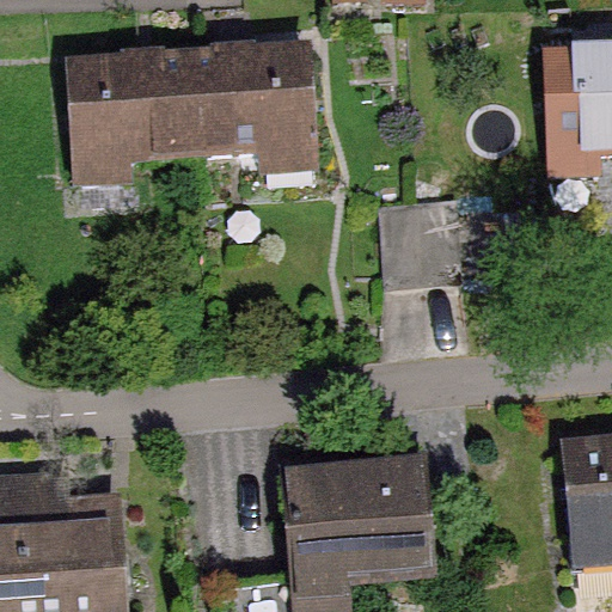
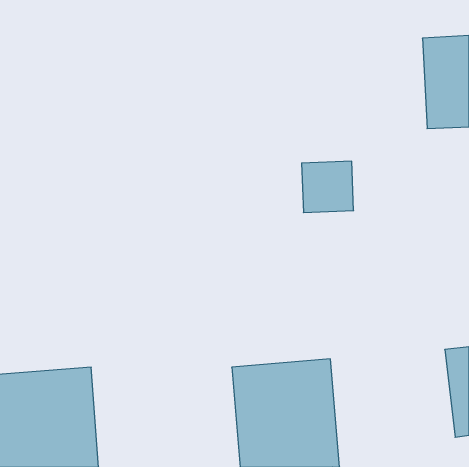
building: [63,48,313,161] -> none

